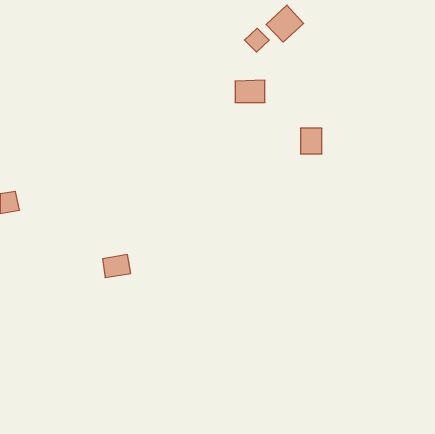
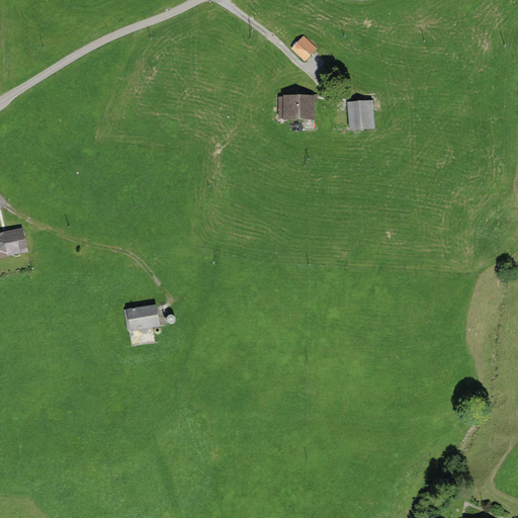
building: [266,5,304,42] -> none
building: [300,128,322,154] -> [348,101,373,132]

